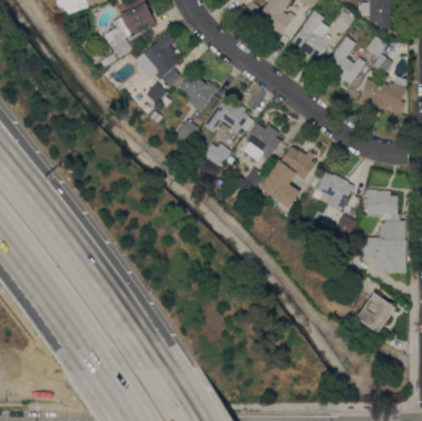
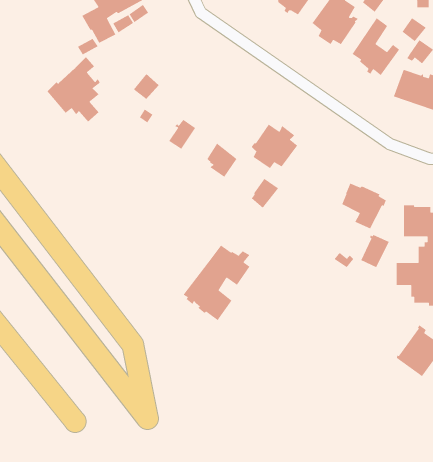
building: [135,31,180,86] -> [46,56,101,123]
building: [179,74,218,115] -> none
building: [204,98,254,135] -> none
building: [260,146,316,209] -> [182,245,250,321]

